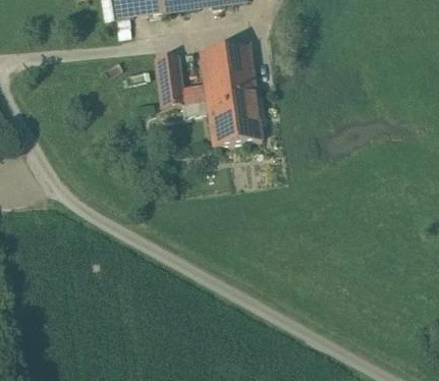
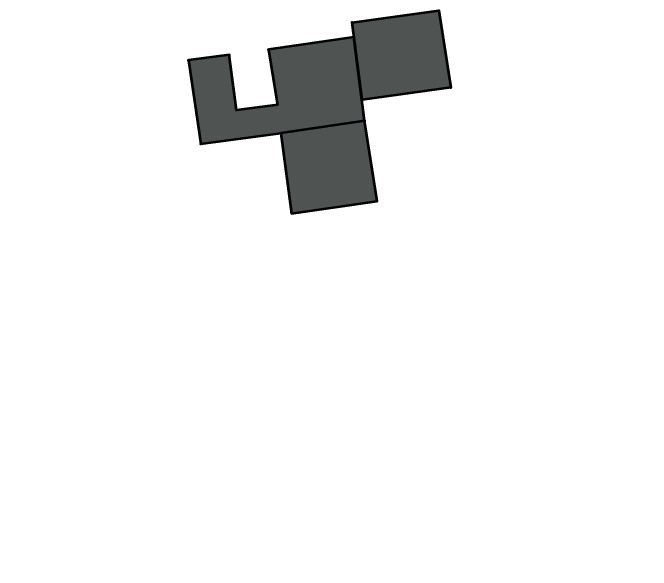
building: none -> [352,11,451,100]

